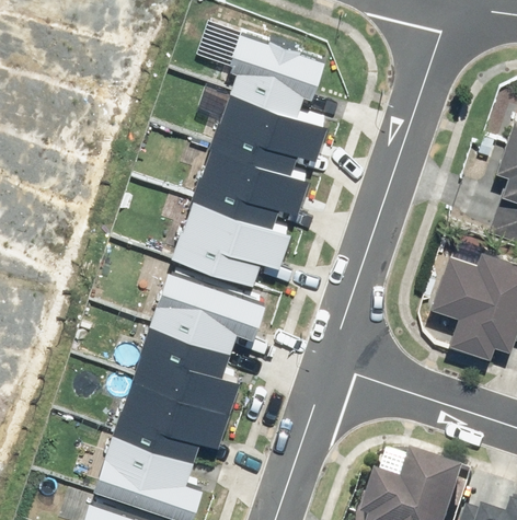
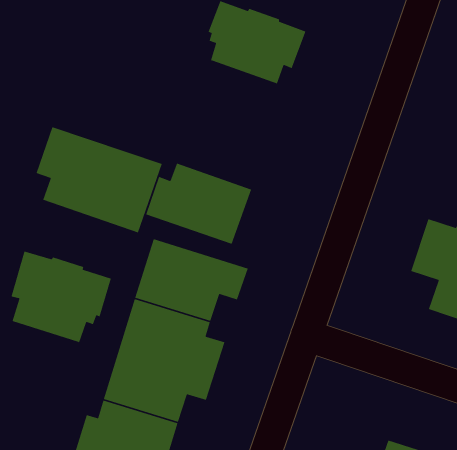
building: [197,99,319,224] -> none
building: none -> [36,126,163,233]
building: none -> [10,251,112,344]

